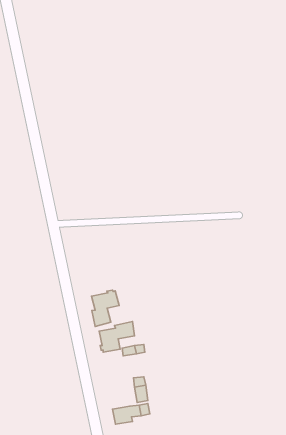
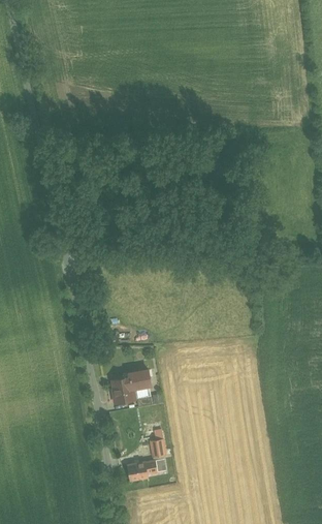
building: [92,290,119,326] -> none

